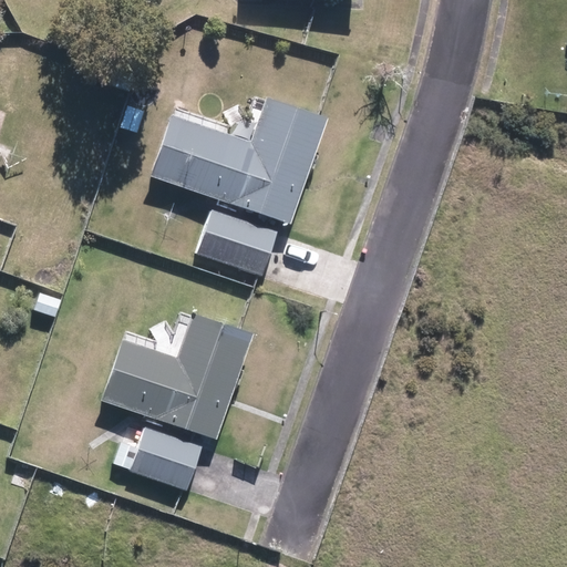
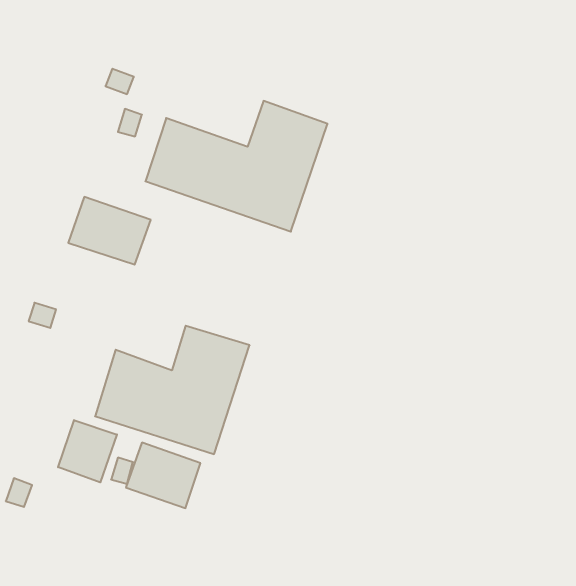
building: [199,209,279,275] -> [68,197,151,265]
building: none -> [58,420,117,482]

